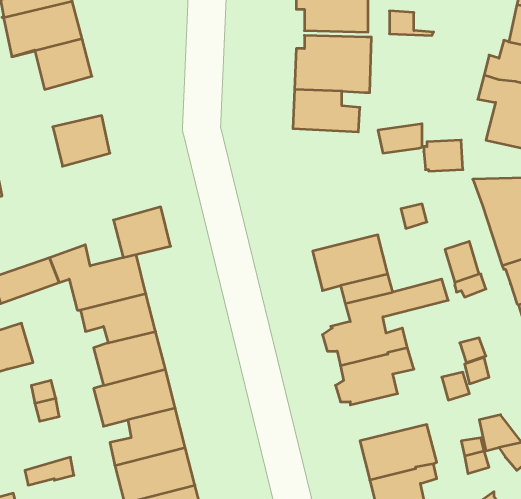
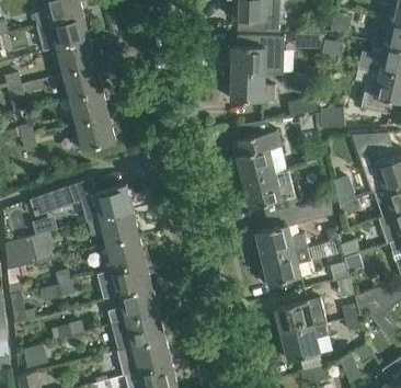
building: none -> [64,65,102,99]
building: none -> [234,129,287,182]
building: [113,207,171,258] -> [76,116,114,150]

